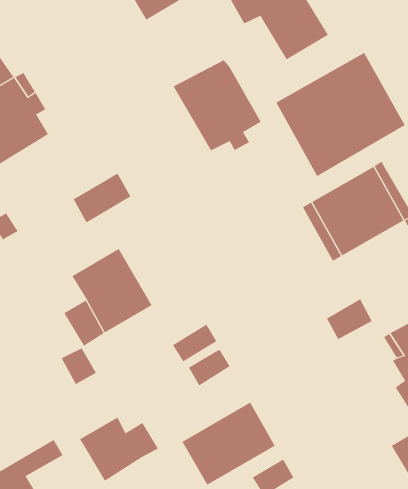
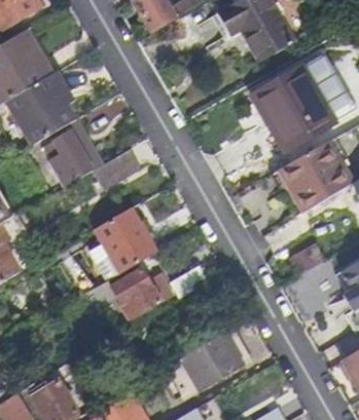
building: [173,60,261,151] -> none
building: none -> [48,130,102,187]
building: [79,417,159,482] -> [112,269,174,319]

